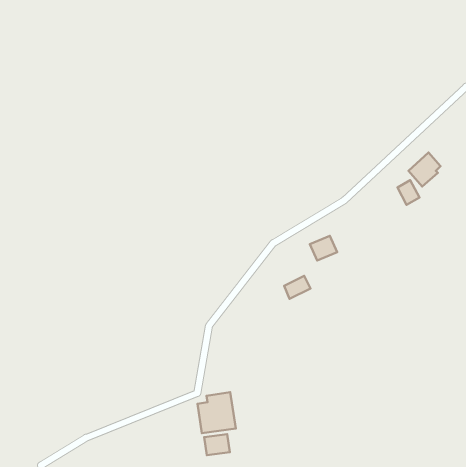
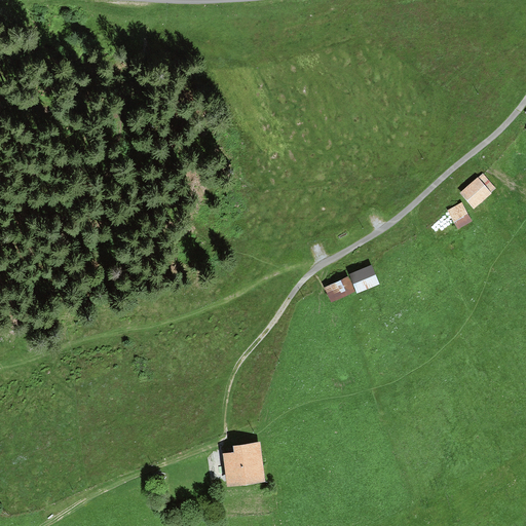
building: [284,276,311,299] -> [324,276,353,302]
building: [204,434,230,455] -> none

